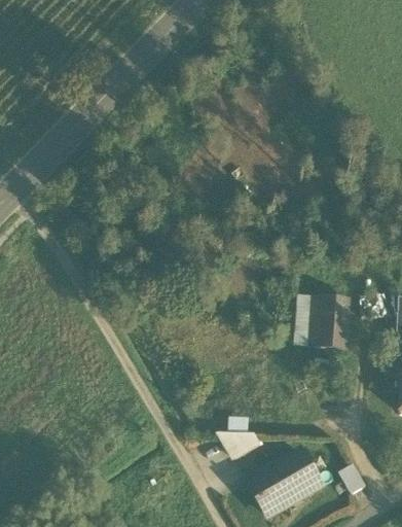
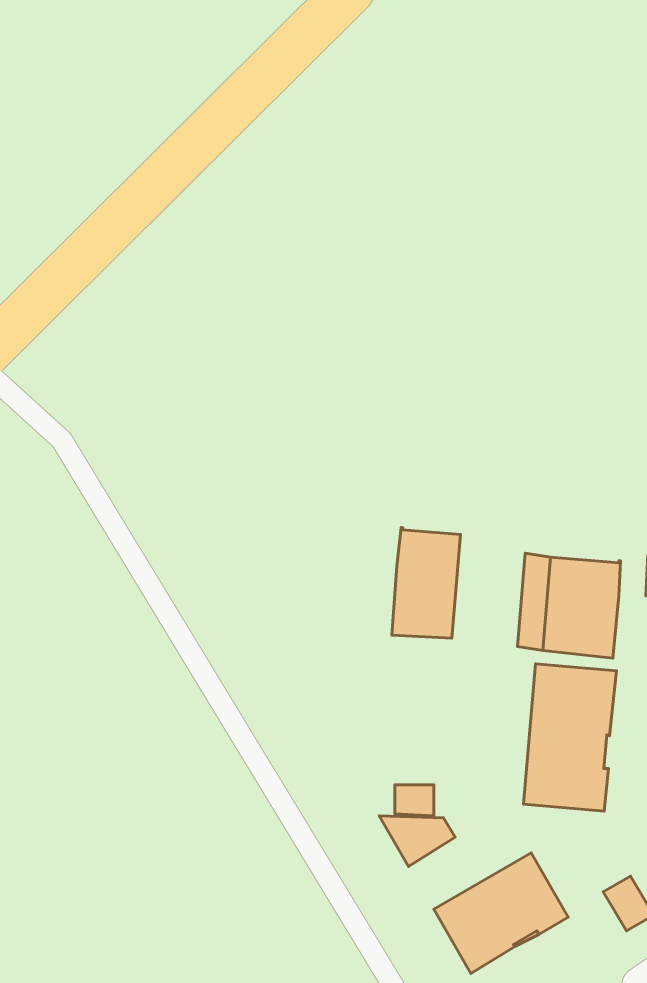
building: none -> [392,527,461,638]
building: none -> [524,664,616,811]

